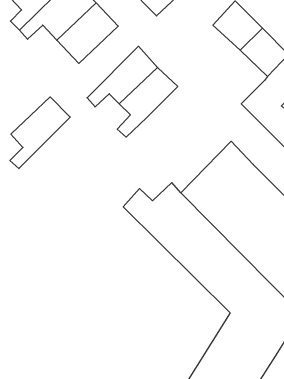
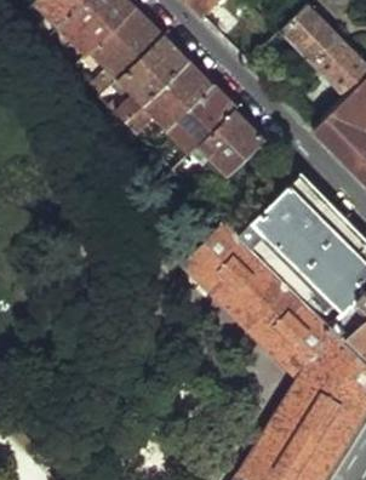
building: none -> [198,108,264,175]
building: [10,97,70,169] -> [115,35,188,121]

